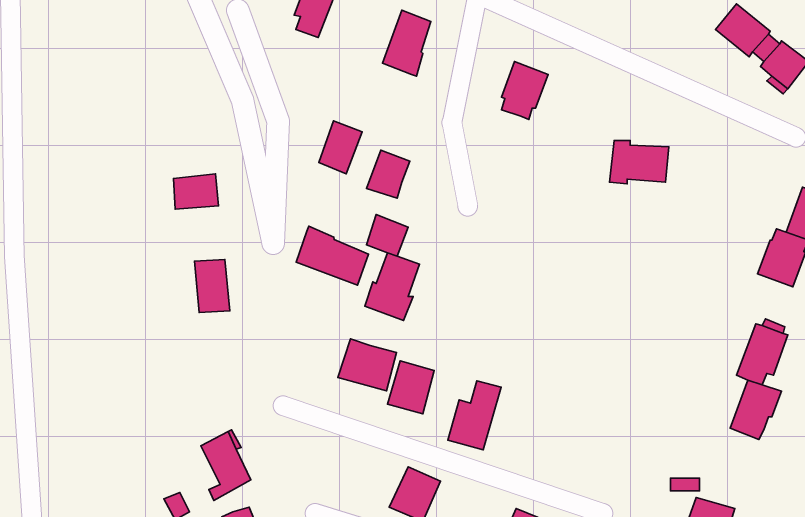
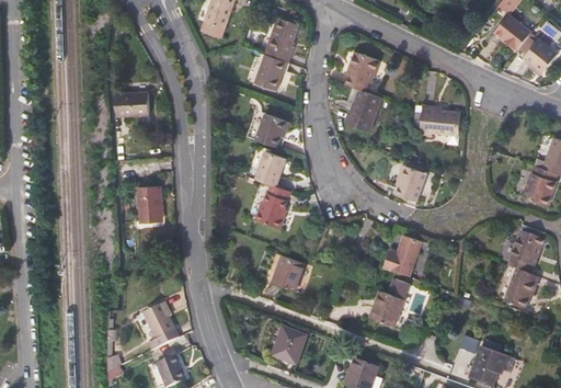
building: none -> [346,89,383,132]
building: [319,121,362,174] -> [256,53,286,89]
building: [174,174,219,209] -> [115,93,146,117]
building: none -> [394,163,425,199]
building: [296,226,368,285] -> none
building: none -> [381,235,417,275]
building: [338,339,397,391] -> none
building: [448,381,501,450] -> [368,281,404,328]

